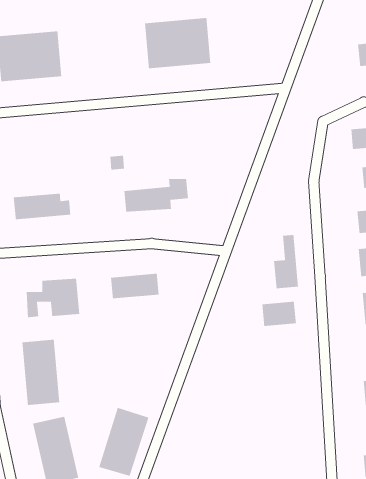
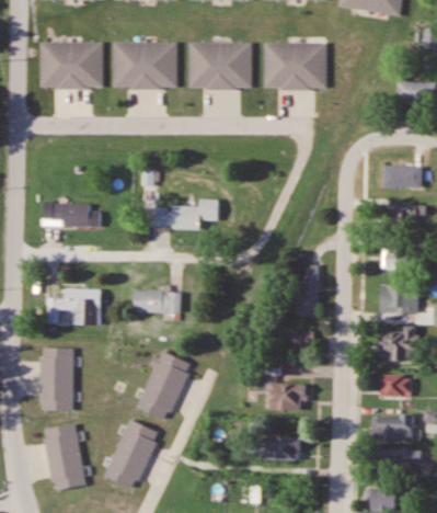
building: none -> [263,44,325,89]
building: none -> [114,43,176,89]
building: none -> [137,351,191,421]
building: none -> [267,383,303,409]
building: none -> [260,437,300,459]

